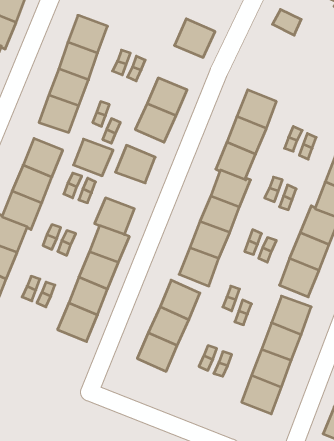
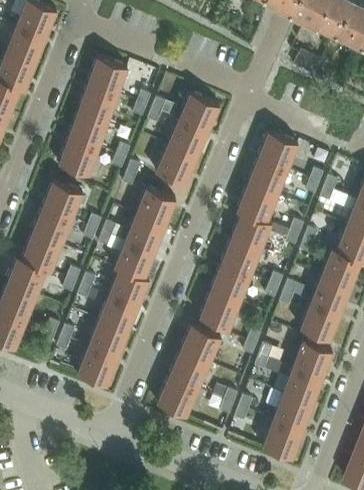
building: [174,19,215,57] -> [178,93,219,132]
building: [73,139,113,176] -> [125,215,165,252]

